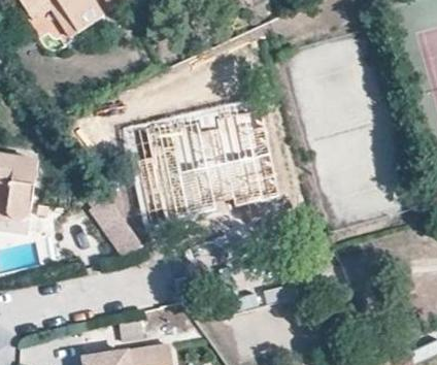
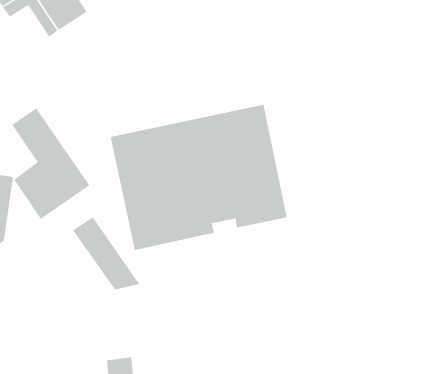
building: none -> [12,107,90,220]

